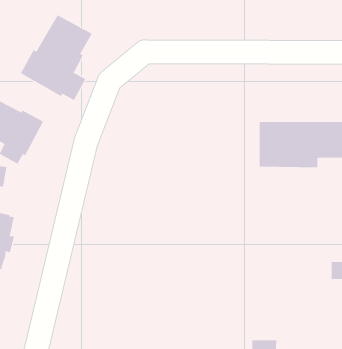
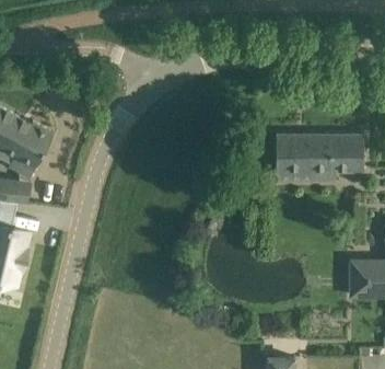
building: [20,14,93,101] -> none

